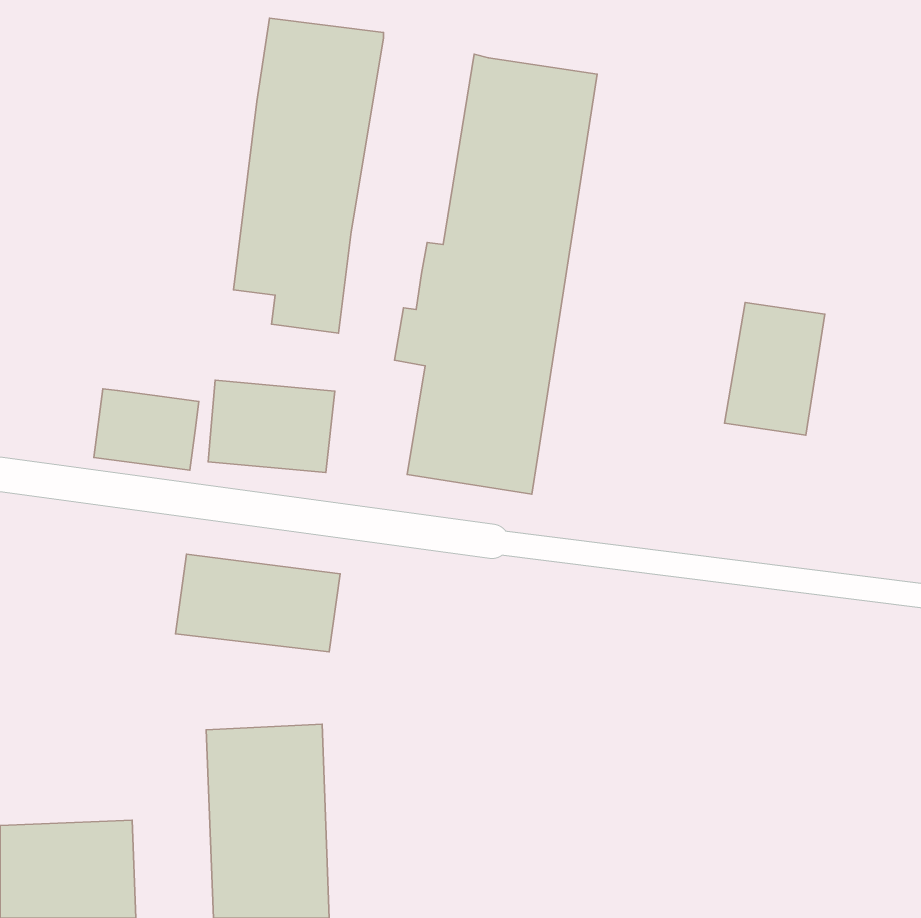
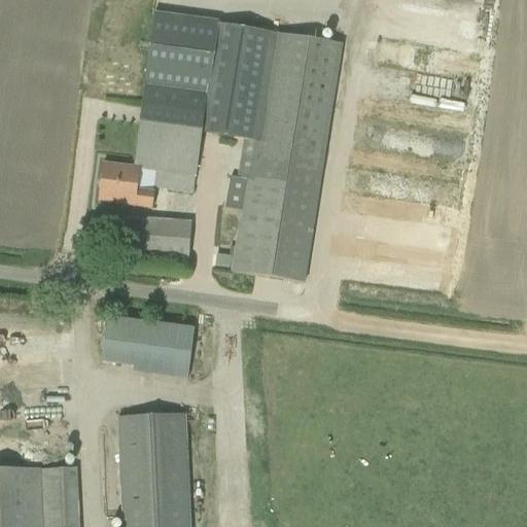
building: none -> [202,22,272,139]
building: [724,302,825,435] -> none
building: [94,389,199,470] -> [99,161,159,207]

